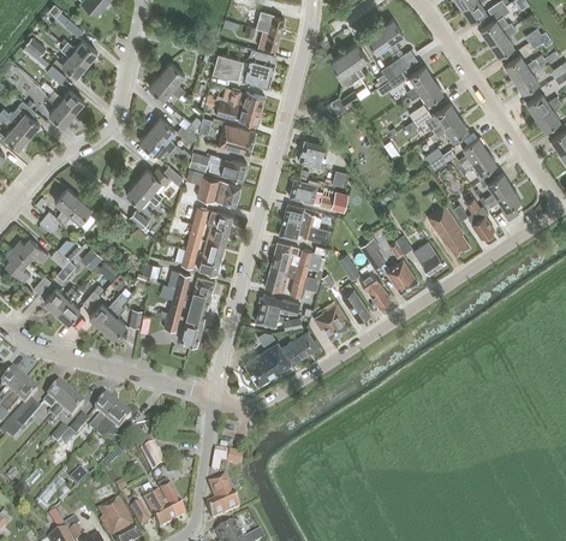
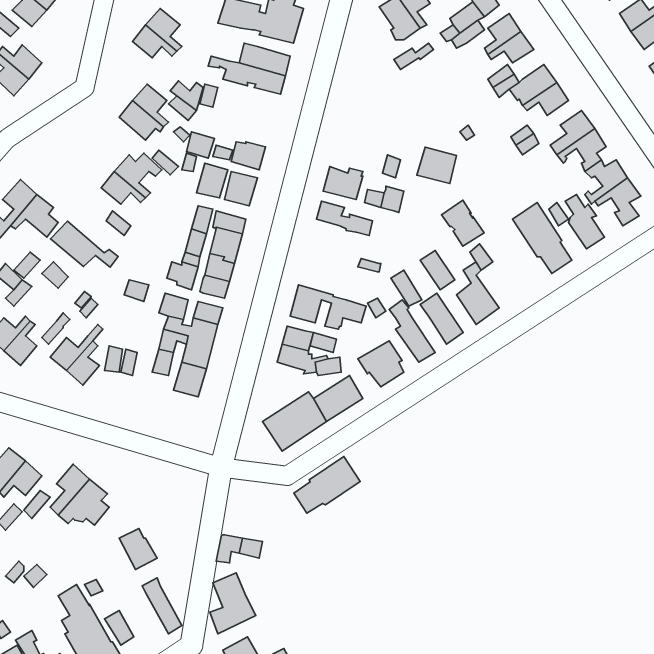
building: [218,124,255,155] -> none
building: [298,141,327,167] -> [417,147,456,183]
building: [279,216,323,242] -> none
building: none -> [51,221,118,267]
building: [412,240,443,274] -> [442,200,484,246]
building: [270,242,322,275] -> none
building: none -> [294,457,360,513]
building: [143,491,175,528] -> none

